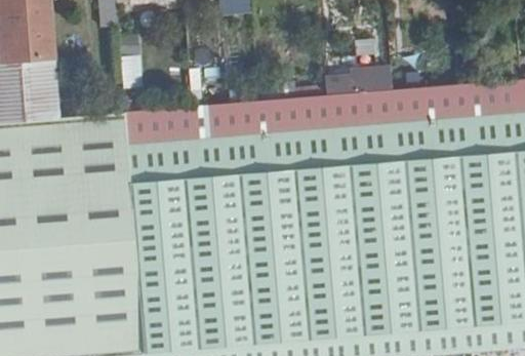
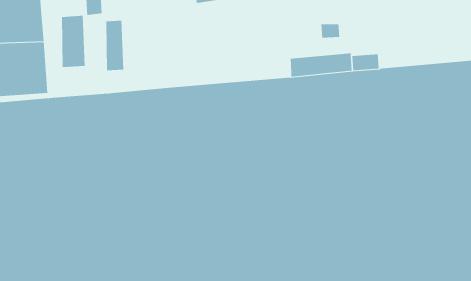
building: none -> [62,15,85,68]

